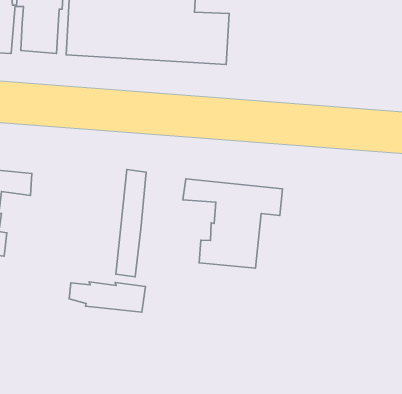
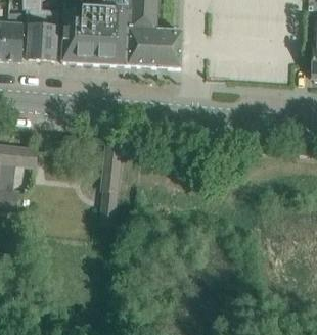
building: [183,179,282,268] -> none
building: [69,282,146,312] -> none

